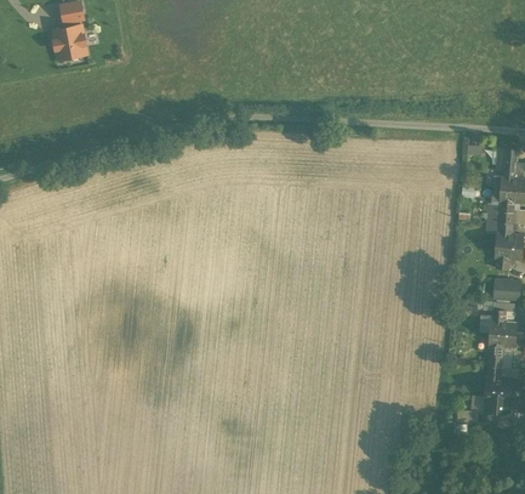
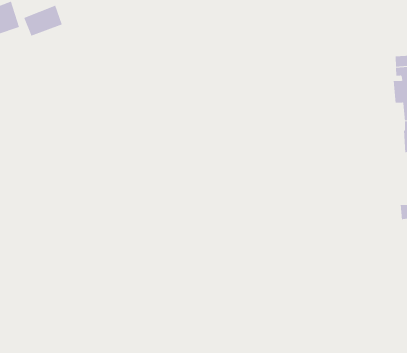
building: none -> [24,5,63,36]

